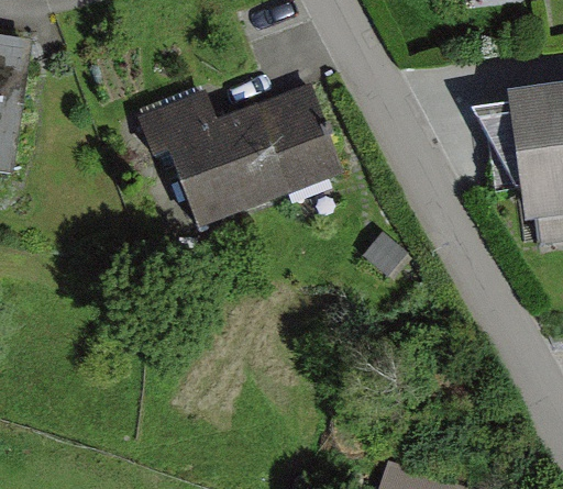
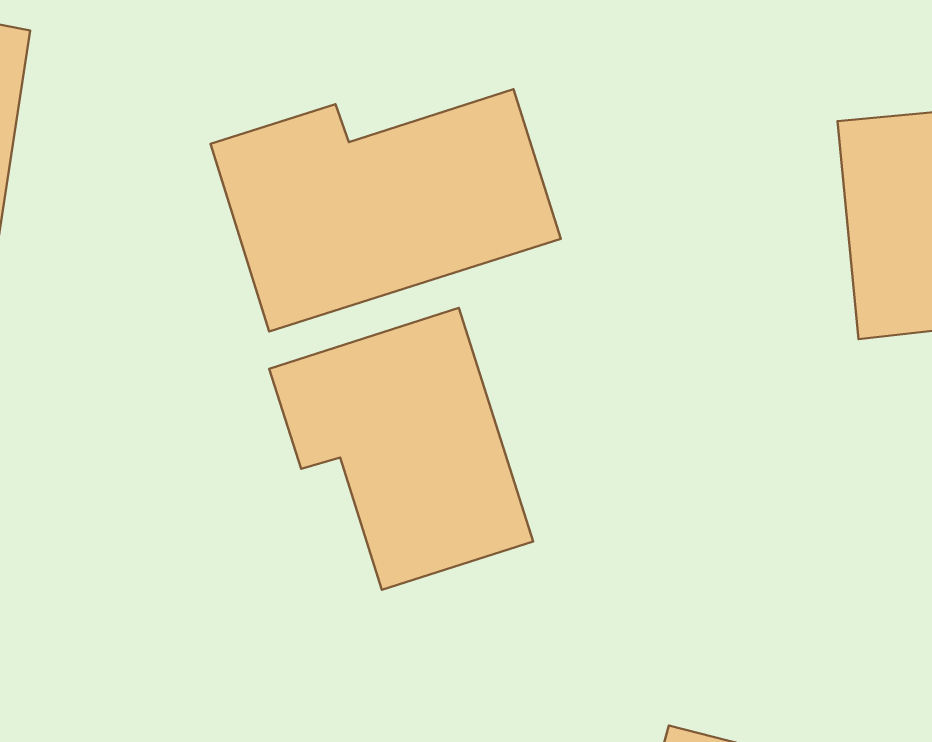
building: none -> [269,308,533,590]

